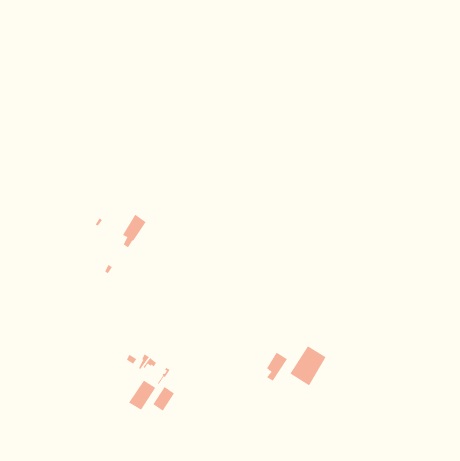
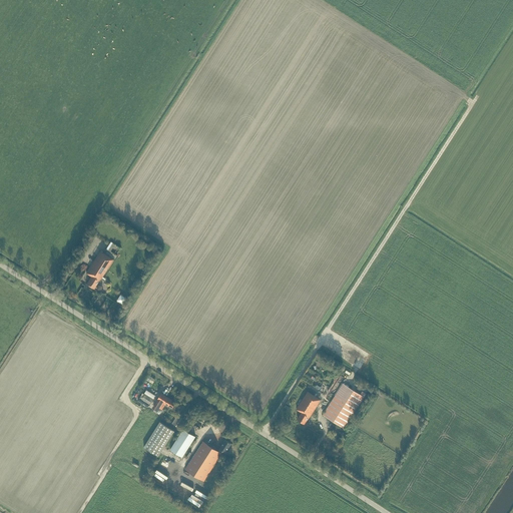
building: [122,214,146,248] -> [85,250,112,289]
building: none -> [184,440,230,481]

